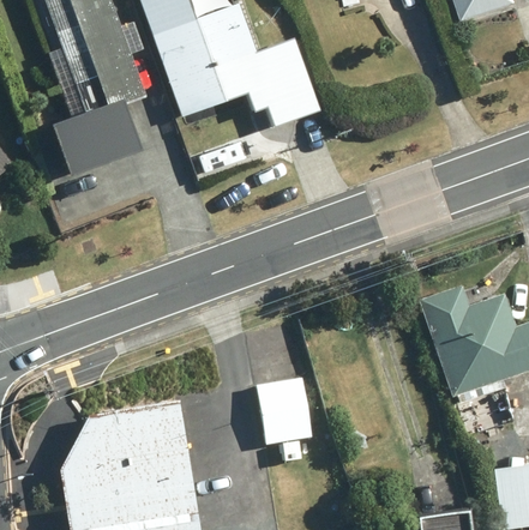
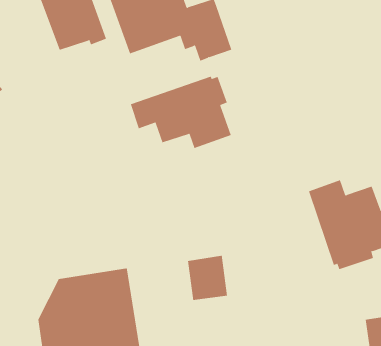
building: [55,98,145,173] -> none
building: none -> [130,76,232,149]

